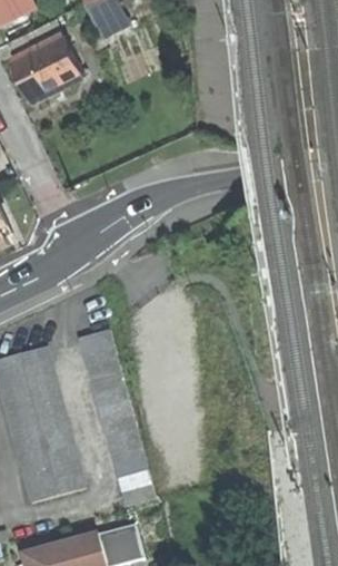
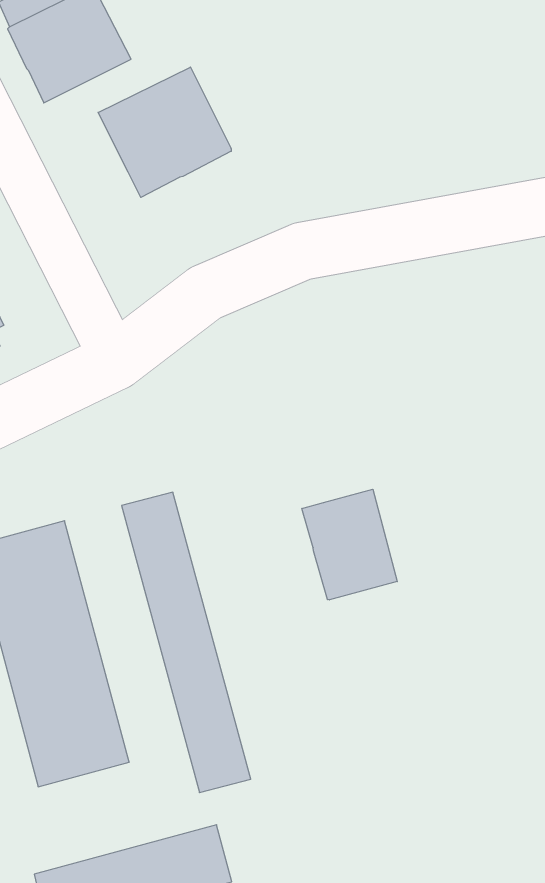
building: none -> [98,67,231,197]
building: none -> [302,489,397,600]

